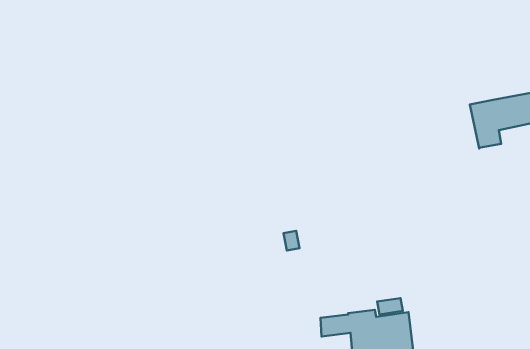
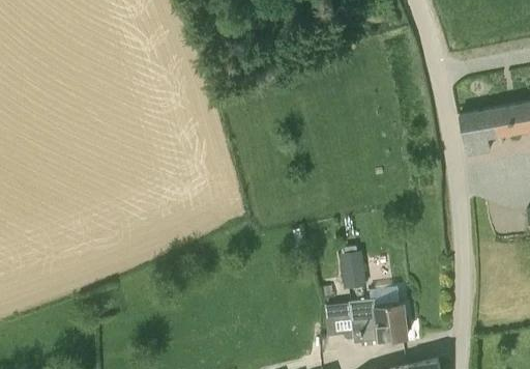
building: none -> [340,252,366,289]

